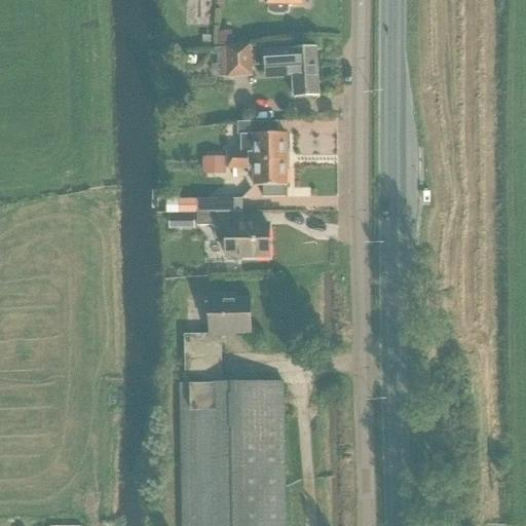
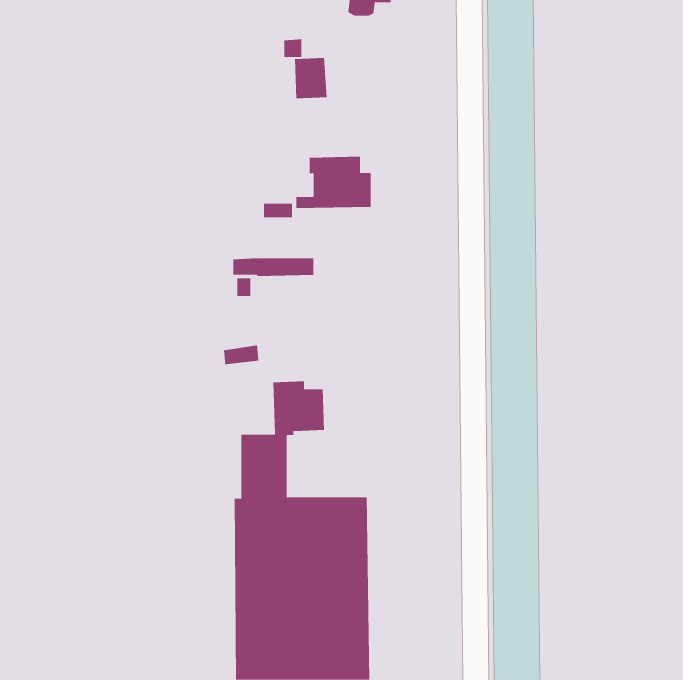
building: [264,46,318,97] -> none
building: [227,159,287,196] -> none
building: [197,212,268,257] -> none

